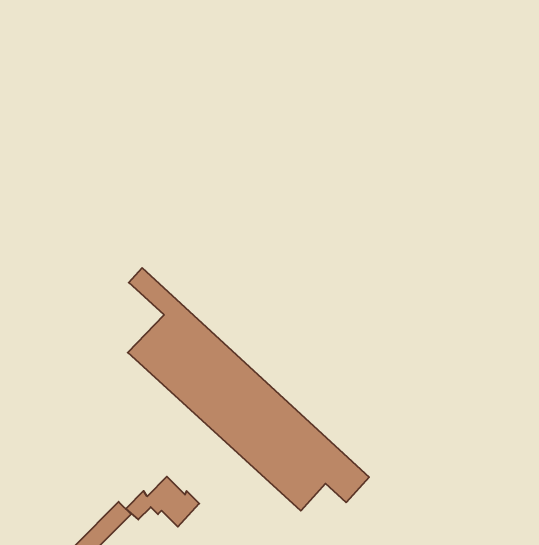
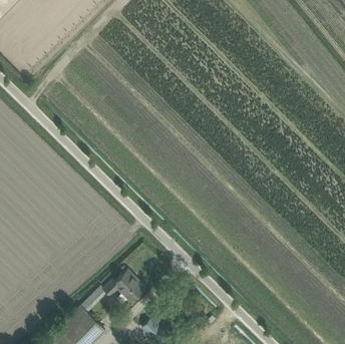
building: [128,268,369,511] -> none

